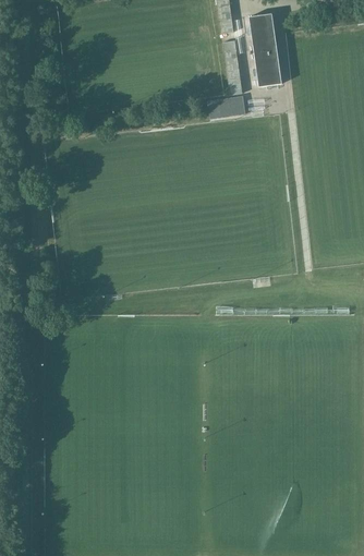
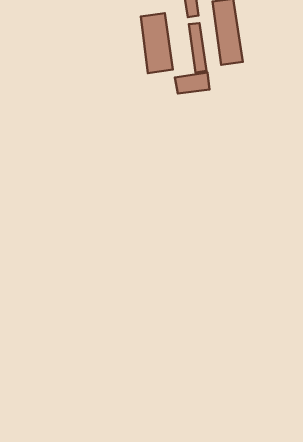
building: none -> [141,13,173,73]

